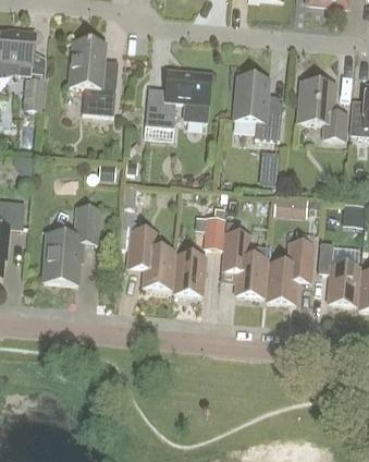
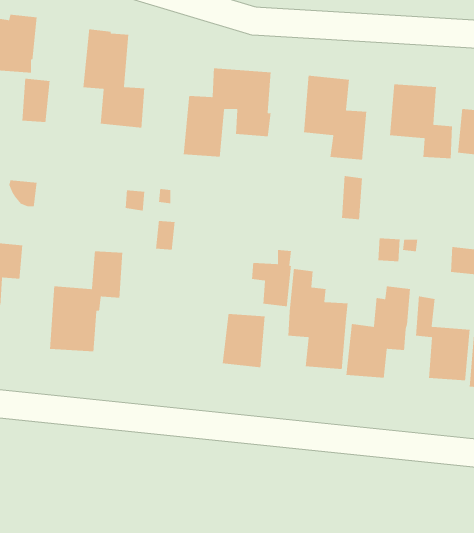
building: [127,220,175,288] -> none

